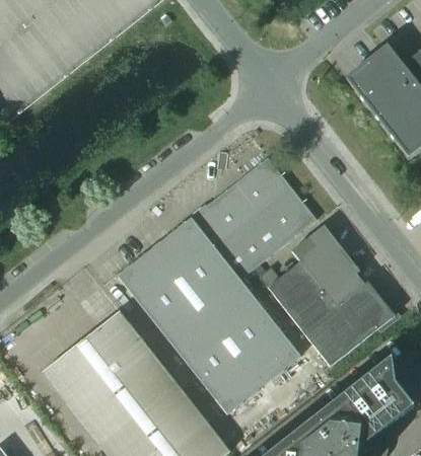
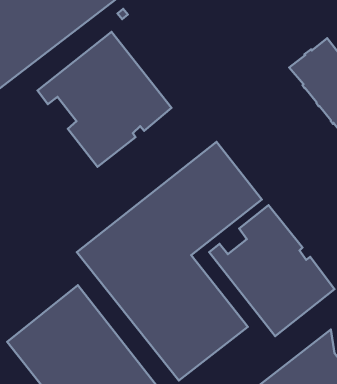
building: none -> [37,32,172,167]

